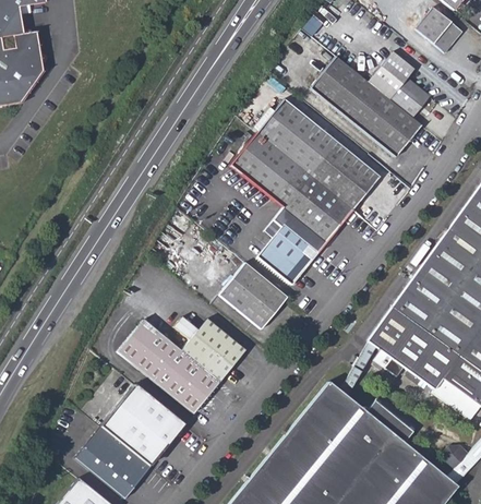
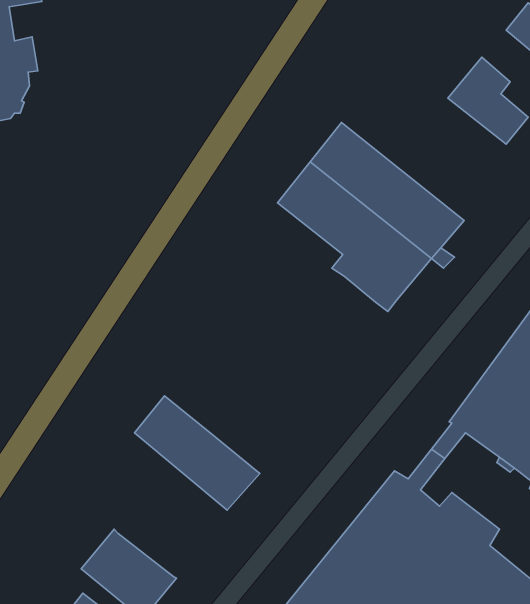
building: [313,56,423,156] -> none
building: [260,217,321,284] -> none
building: [209,253,290,328] -> none
building: [176,317,245,382] -> none
building: [101,385,185,465] -> none

